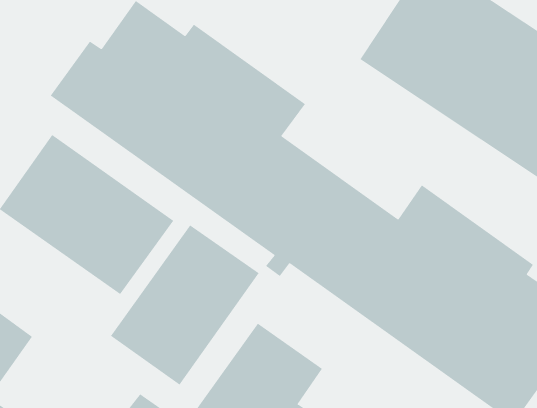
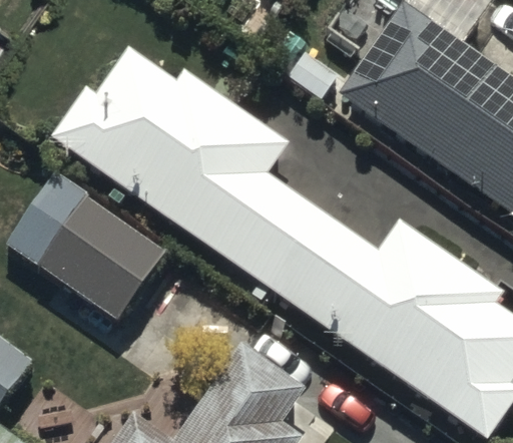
building: [110,224,260,385] -> none

